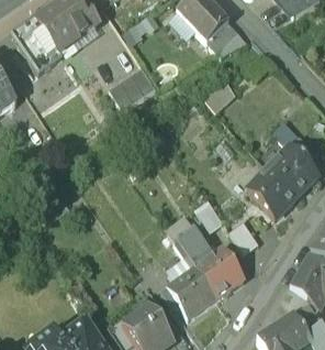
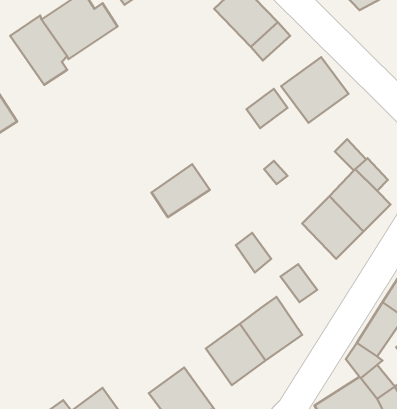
building: none -> [281,57,348,123]
building: [108,67,155,110] -> [152,164,210,217]
building: [177,226,214,267] -> none

